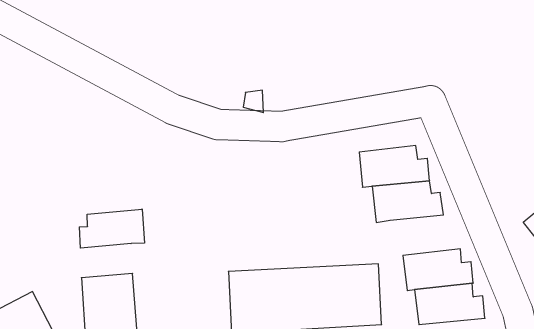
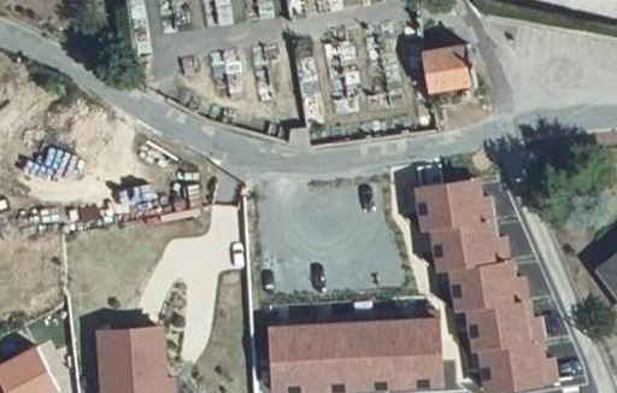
building: none -> [424,43,475,89]
building: [79,209,144,248] -> none
building: none -> [449,263,529,310]

